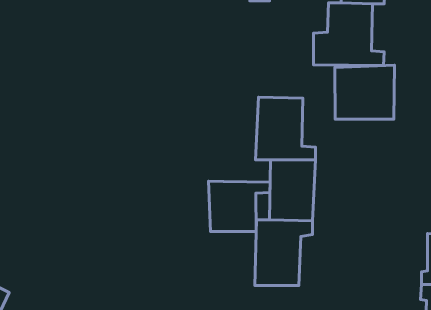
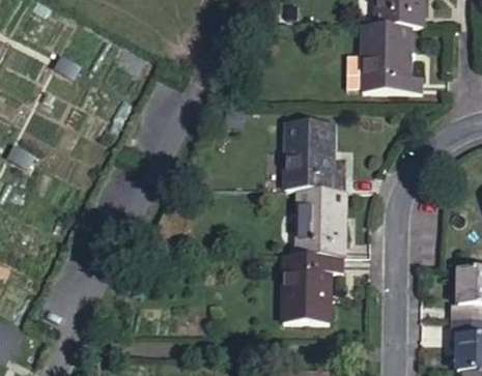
building: [335,65,395,119] -> none
building: [208,181,270,232] -> none

